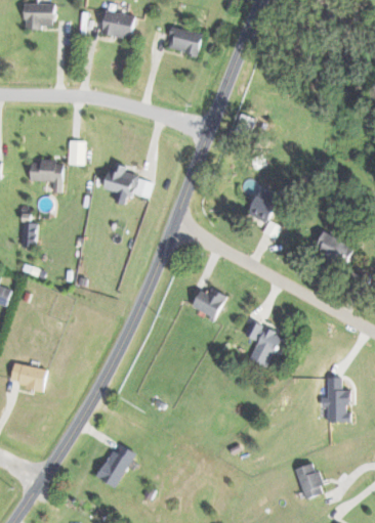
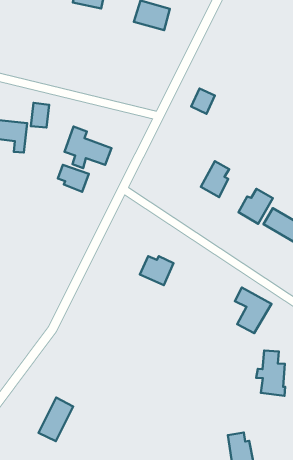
building: none -> [58,165,89,192]
building: none -> [239,189,273,224]
building: [244,321,282,367] -> [235,288,271,333]

